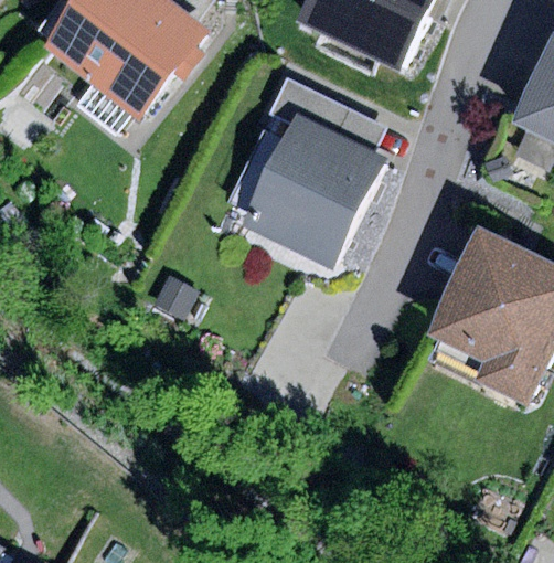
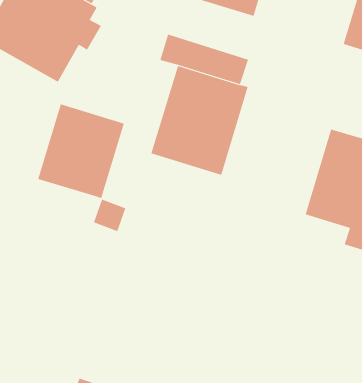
building: none -> [38,104,125,199]

